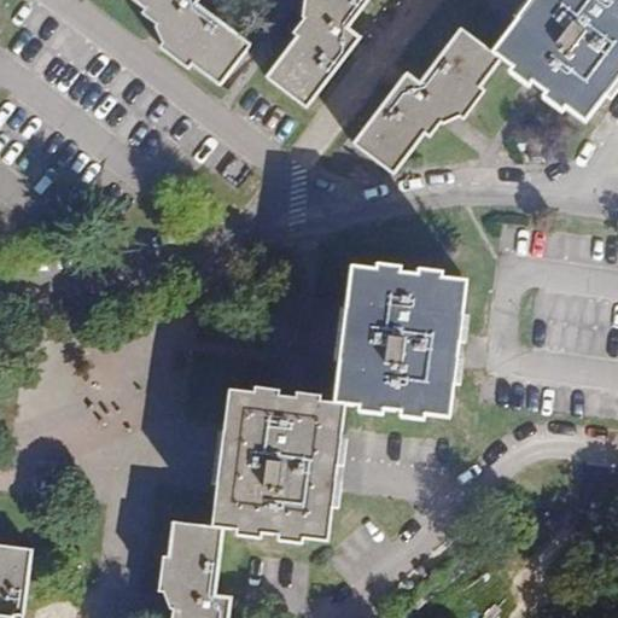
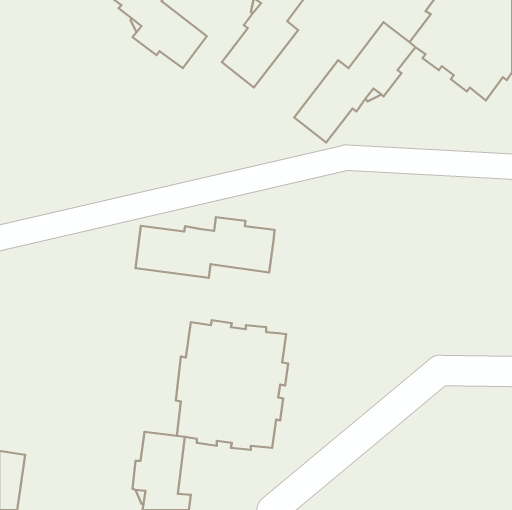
building: none -> [135,217,275,278]
building: [333,262,468,418] -> none

